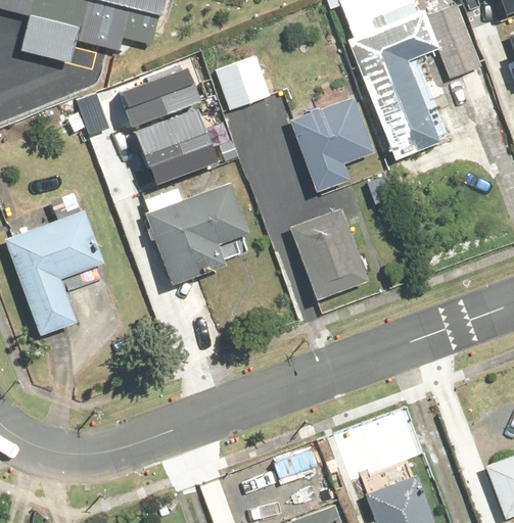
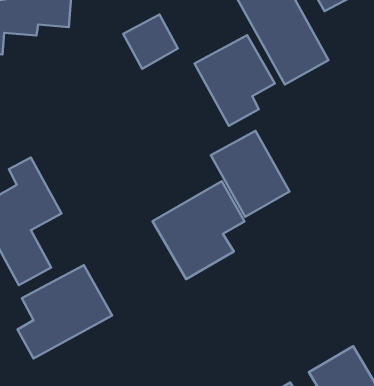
building: [115,77,216,190] -> none
building: [144,180,250,286] -> [152,181,244,279]
building: none -> [18,265,112,359]

